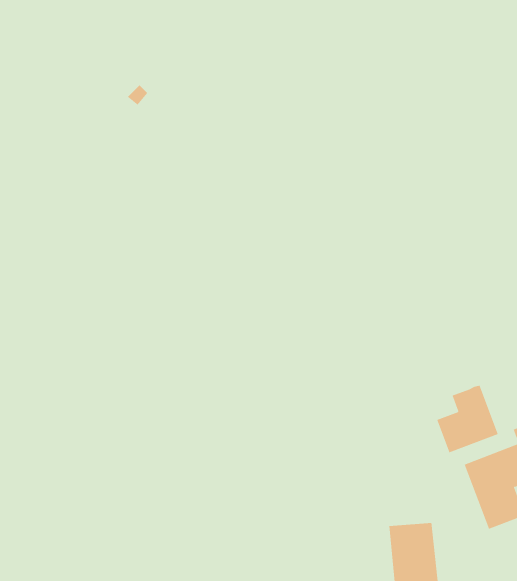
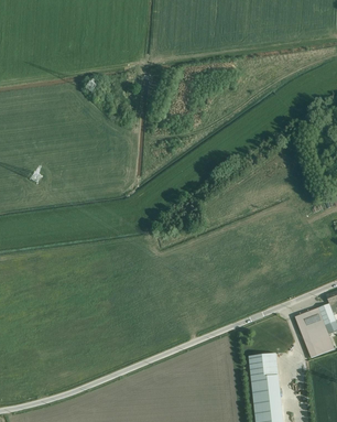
building: [437,385,498,453] -> none

